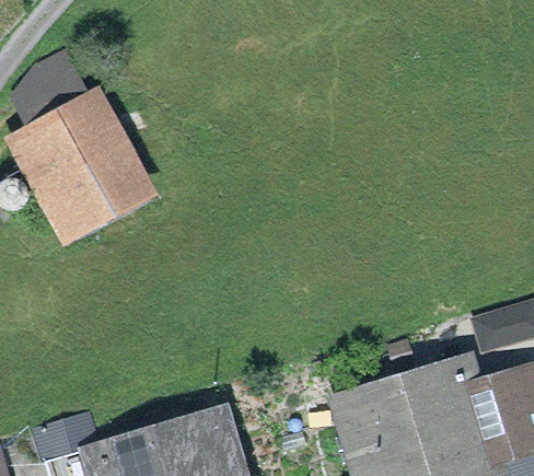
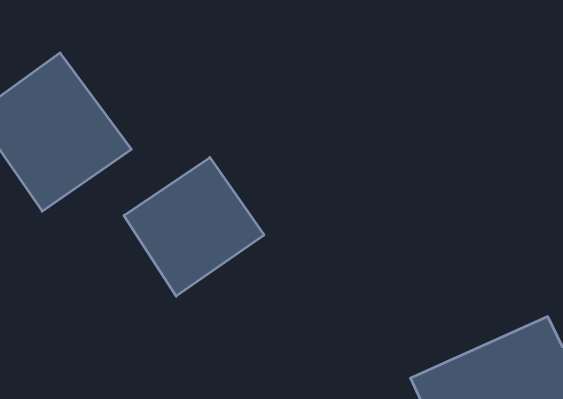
building: none -> [124,157,264,296]

